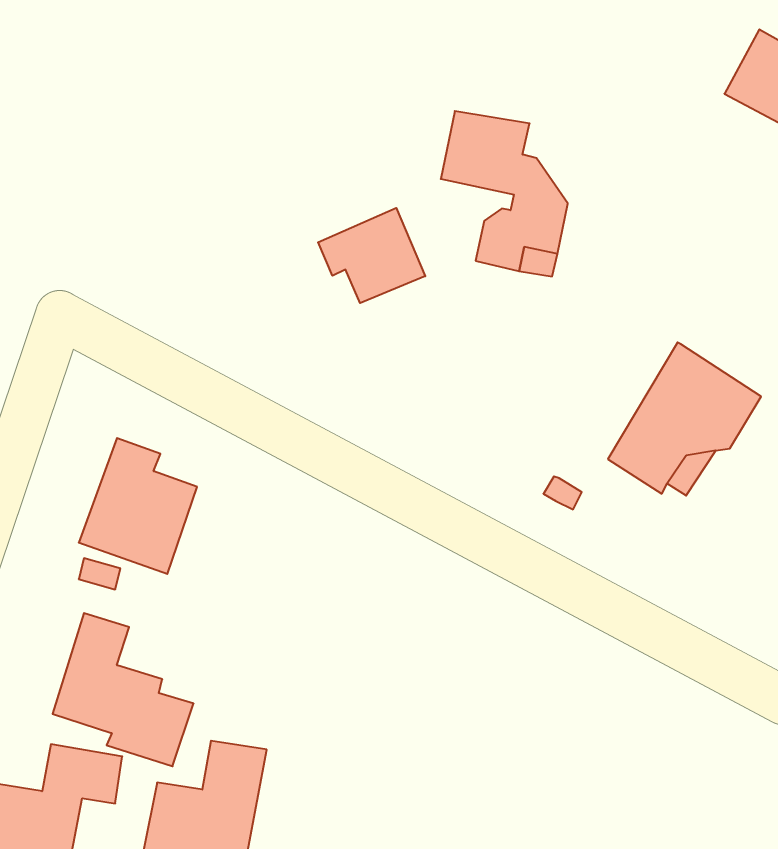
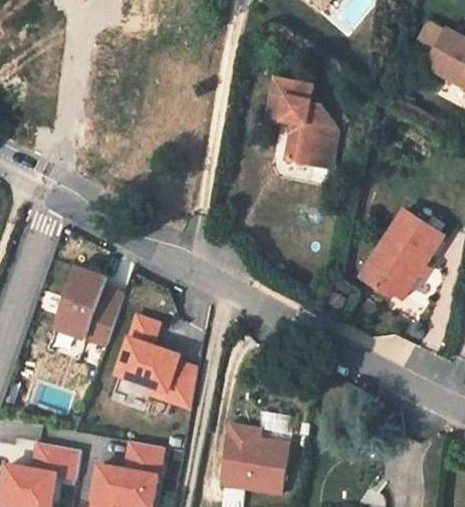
building: [318,208,425,303] -> none
building: [53,613,194,766] -> [118,315,199,404]
building: none -> [221,425,288,493]

